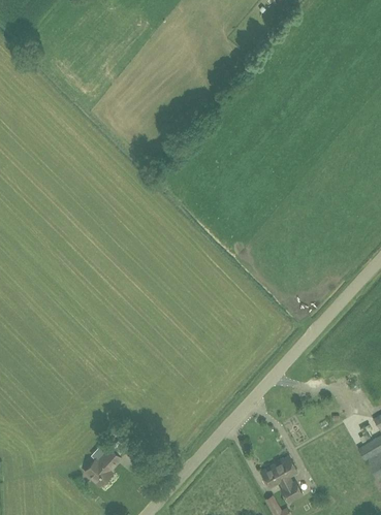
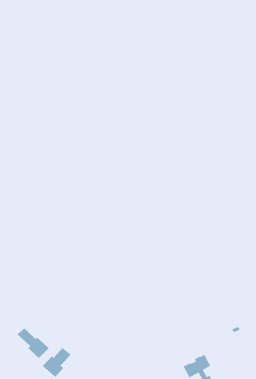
building: none -> [17,328,49,359]

